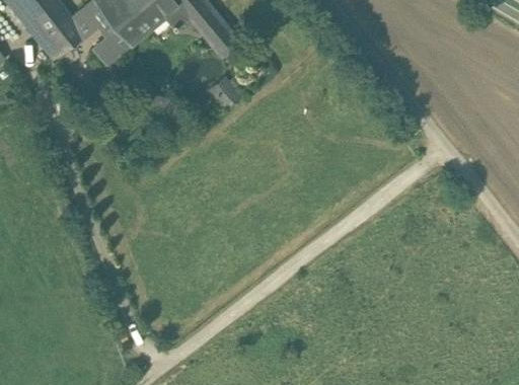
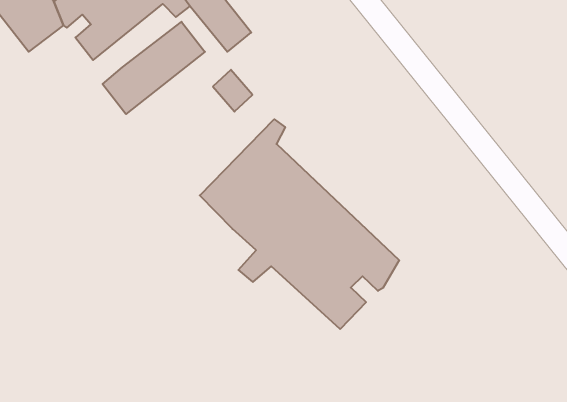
building: none -> [103,22,205,114]
building: none -> [200,119,399,329]

